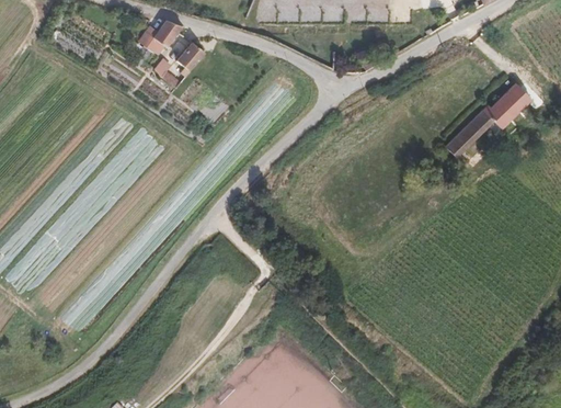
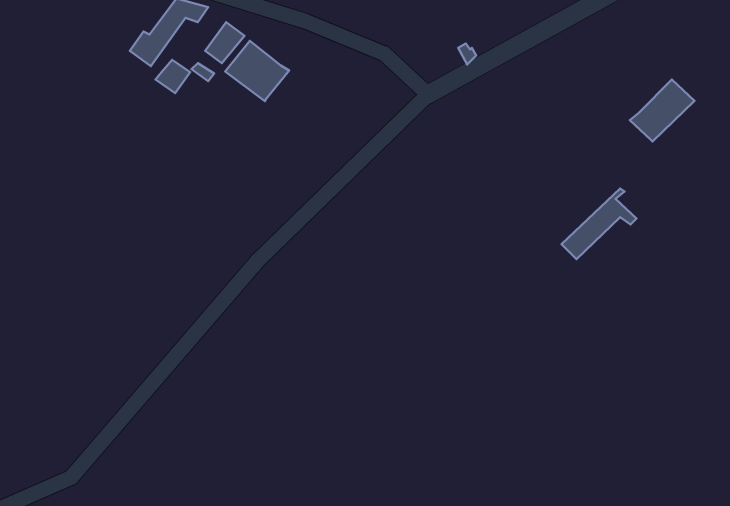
building: none -> [225,41,289,101]
building: [446,104,501,156] -> [561,188,637,259]

